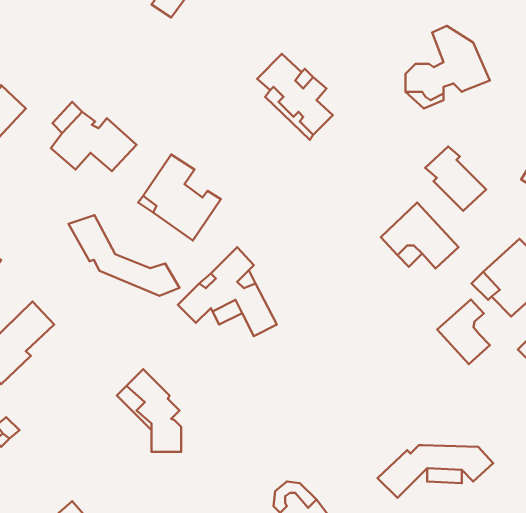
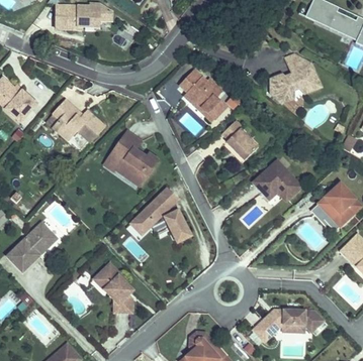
building: [425,147,486,211] -> [221,118,259,157]
building: [69,215,179,296] -> none
building: [437,299,490,364] -> none

